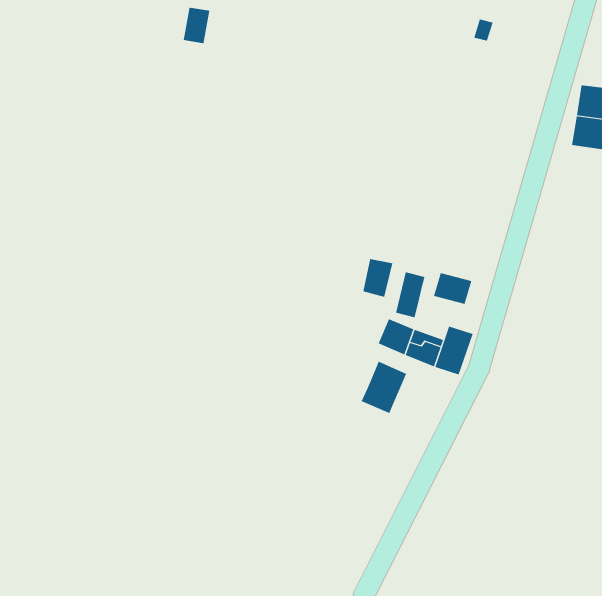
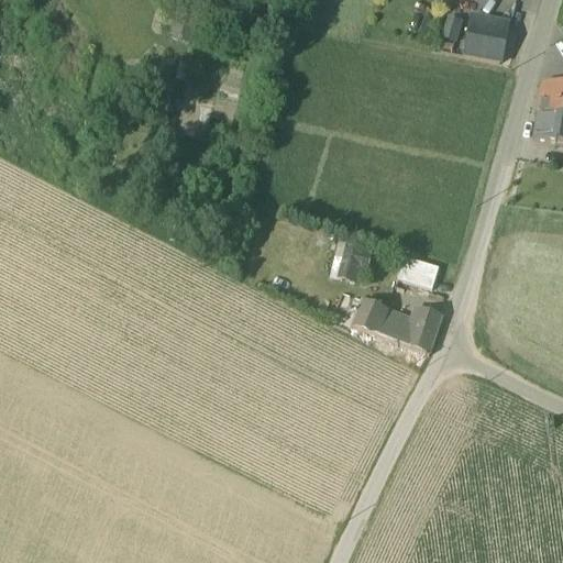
building: none -> [465,15,507,60]
building: [395,271,425,318] -> none
building: [361,361,407,414] -> none

